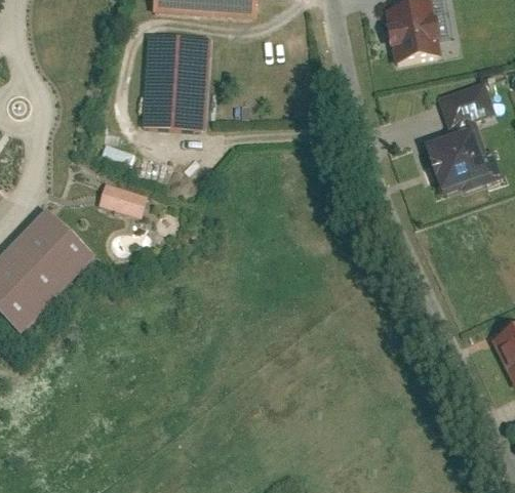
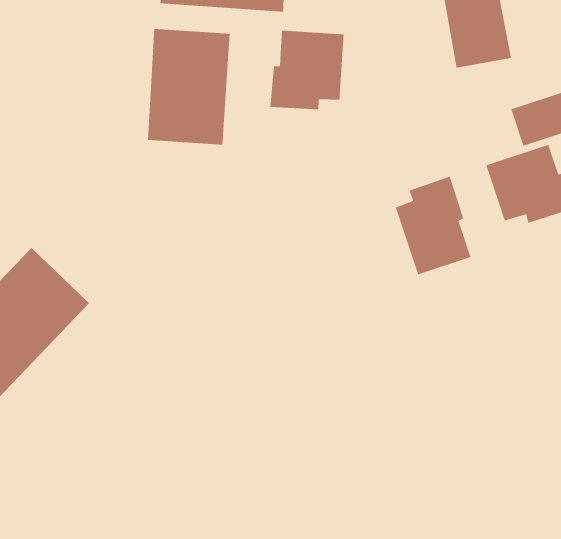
building: none -> [270,30,344,110]
building: none -> [395,176,471,275]
building: [97,180,148,218] -> none

